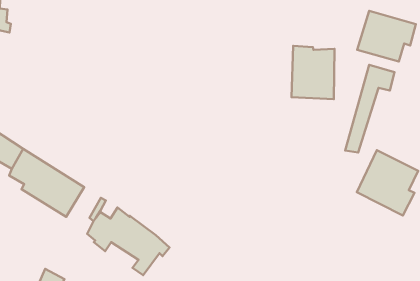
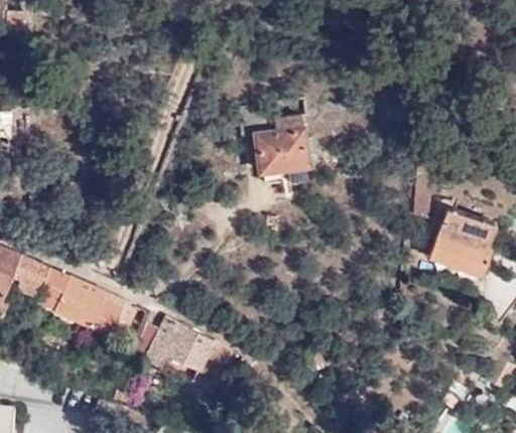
building: [357,11,416,62] -> none
building: [291,46,334,99] -> [252,113,306,174]

